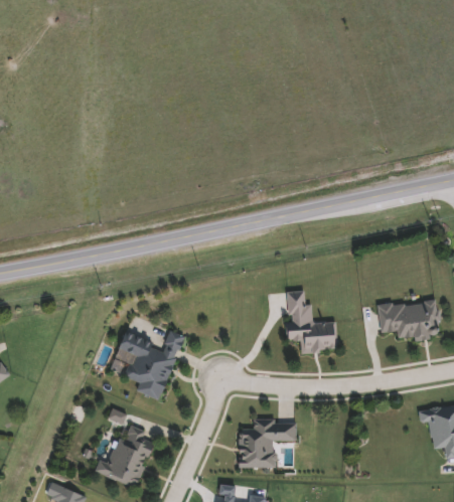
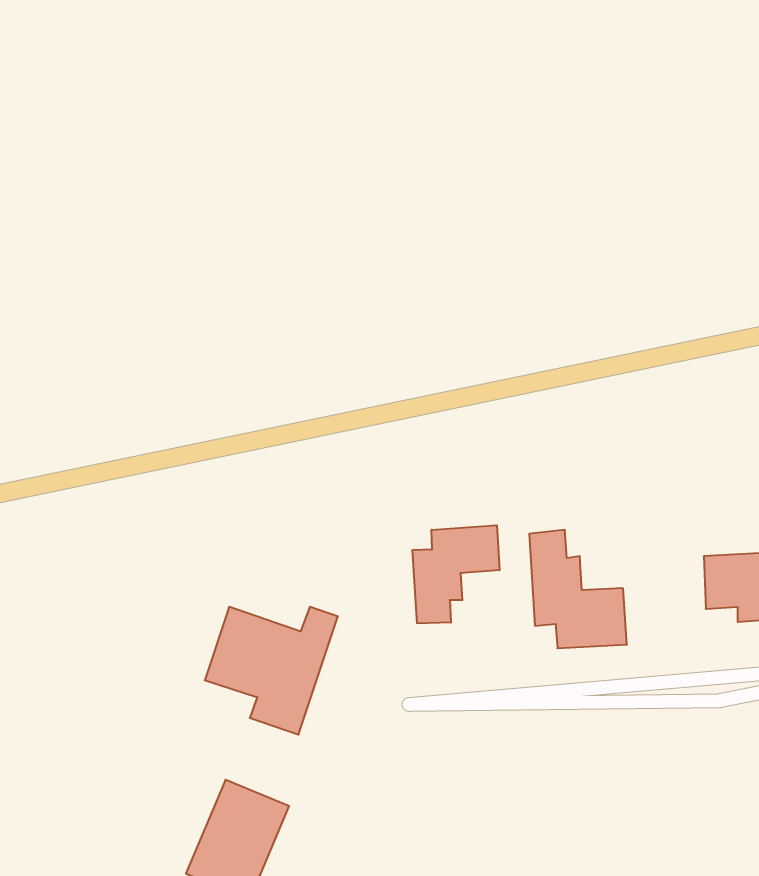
building: none -> [413,525,499,623]
building: [239,422,297,468] -> none

